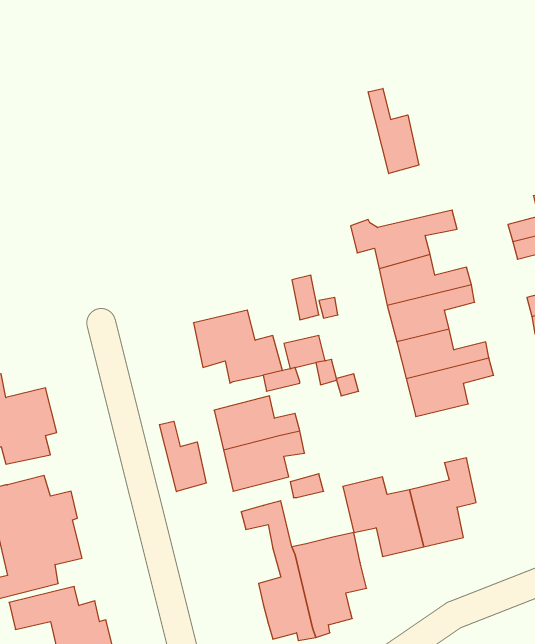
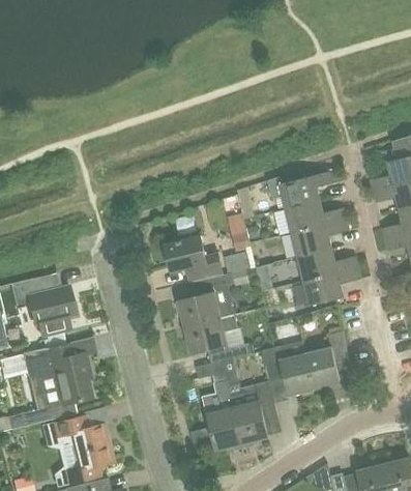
building: [368,88,419,174] -> none
building: [159,421,206,492] -> none

